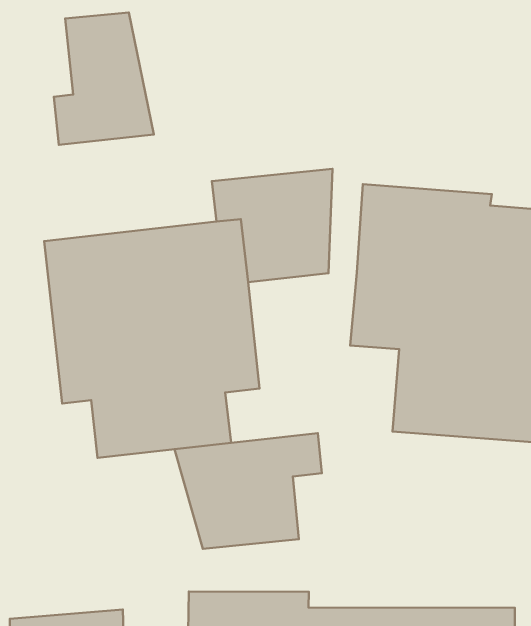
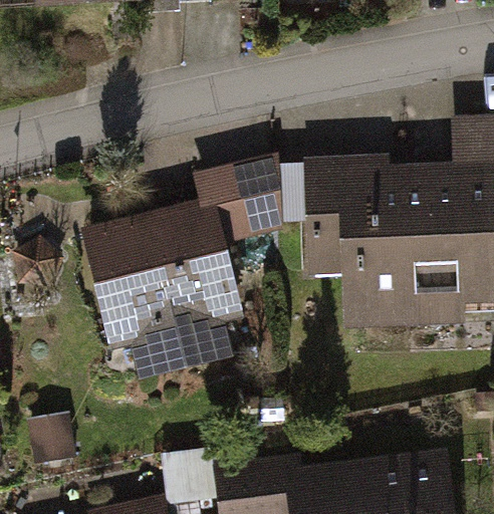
building: [54,13,154,145] -> none
building: [174,433,322,549] -> none

